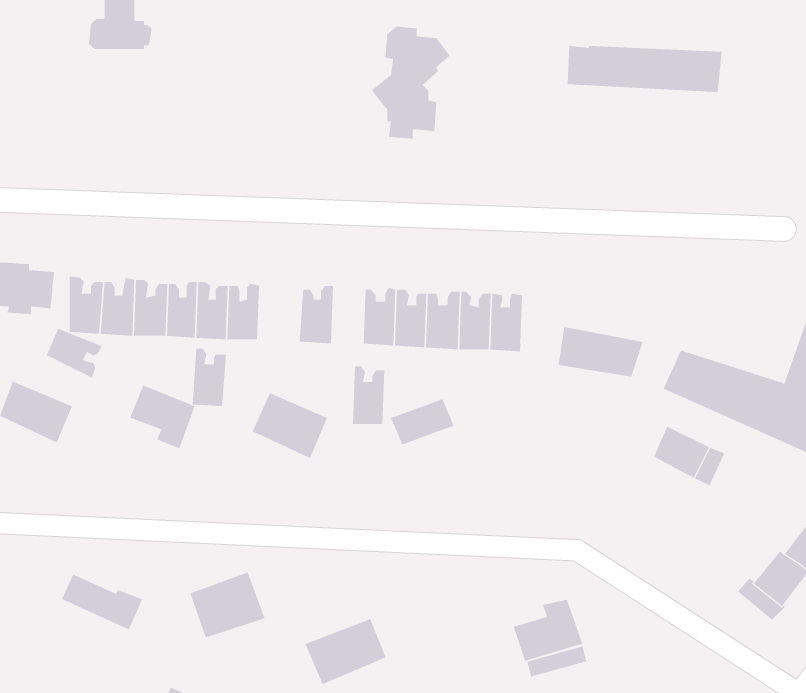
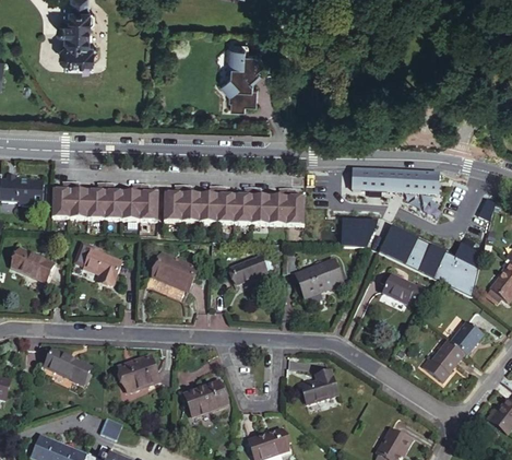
building: [567,46,723,92] -> [350,170,438,197]
building: [46,328,102,379] -> none
building: [192,348,227,407] -> [162,191,181,224]
building: [352,366,385,424] -> [198,192,216,225]
building: none -> [296,258,342,296]

